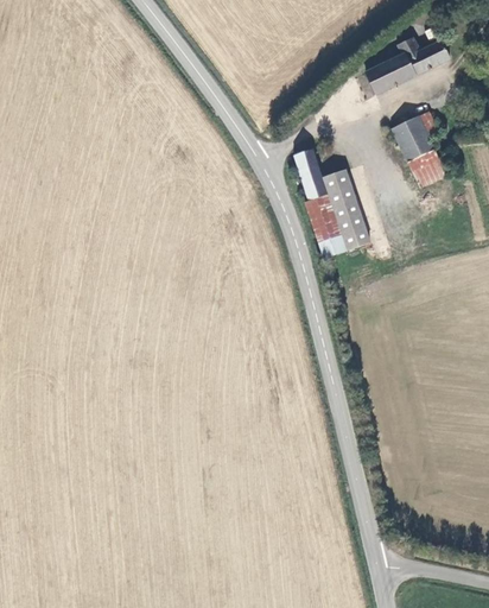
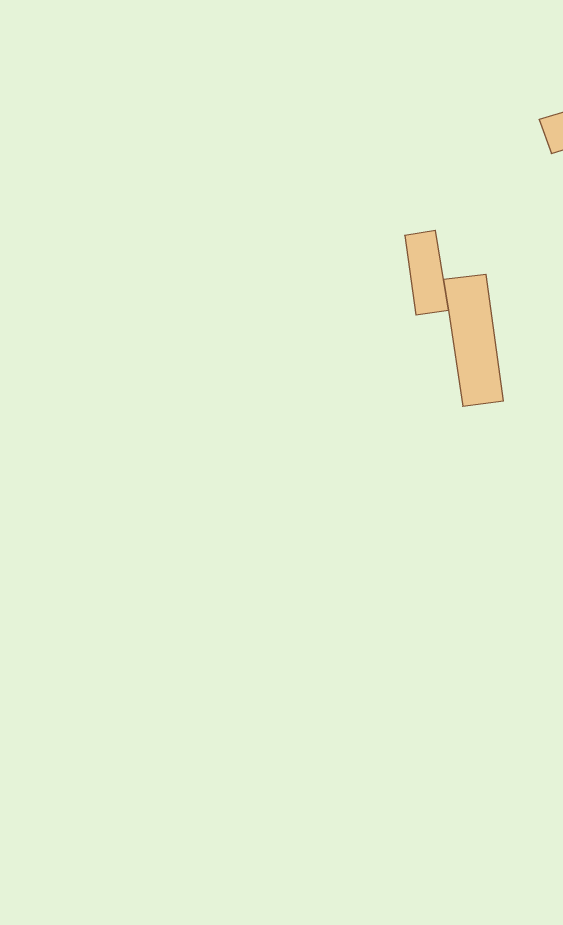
building: [305,196,347,259] -> none

